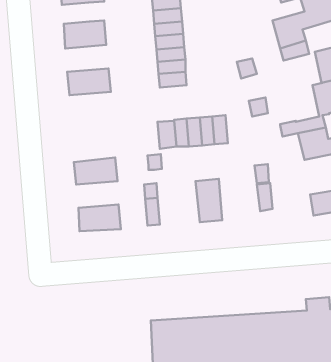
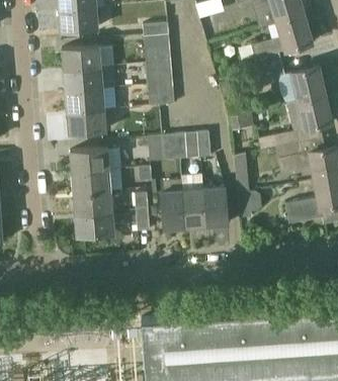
building: none -> [64,68,103,92]
building: none -> [68,110,106,134]
building: none -> [70,149,109,174]
building: none -> [203,187,229,226]
building: none -> [74,191,112,215]
building: none -> [162,191,186,229]

